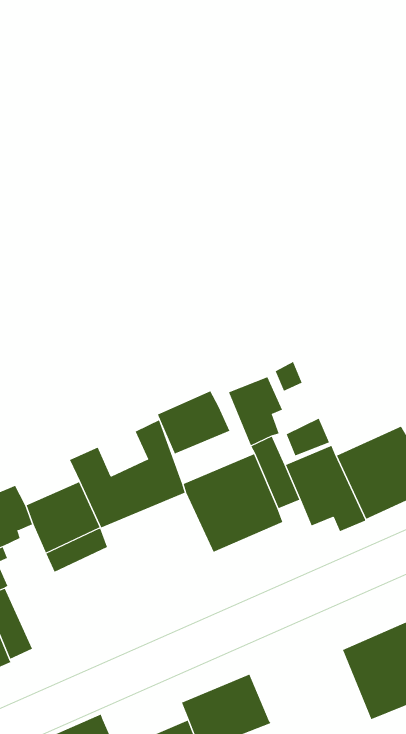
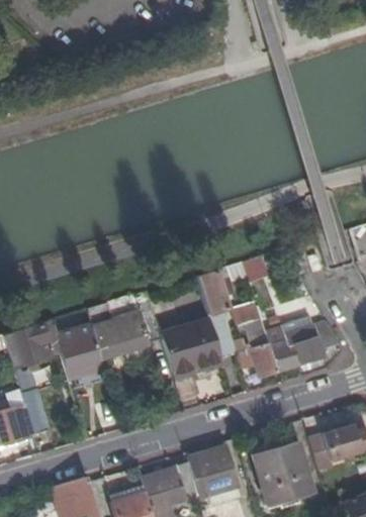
building: [157,390,230,455] -> none
building: none -> [189,449,238,496]

